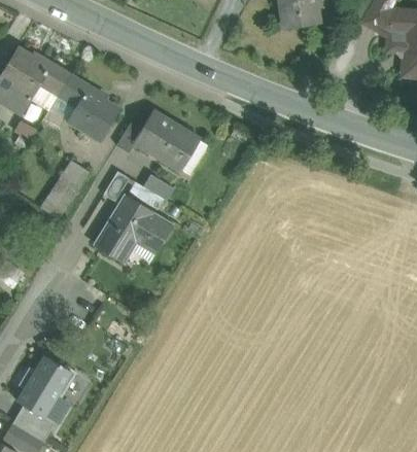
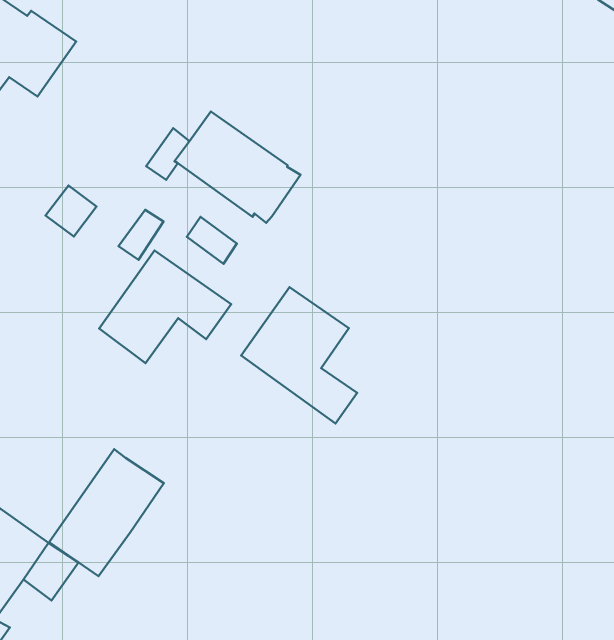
building: [50,74,120,140] -> none
building: [42,178,77,217] -> none
building: none -> [241,287,357,423]
building: none -> [49,449,164,576]

